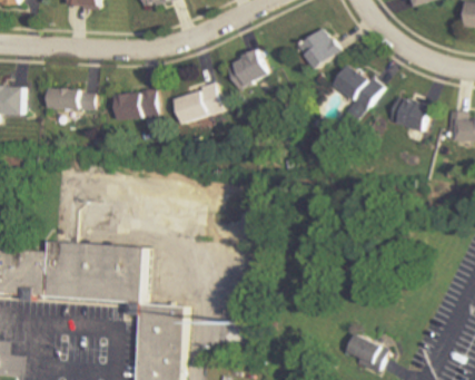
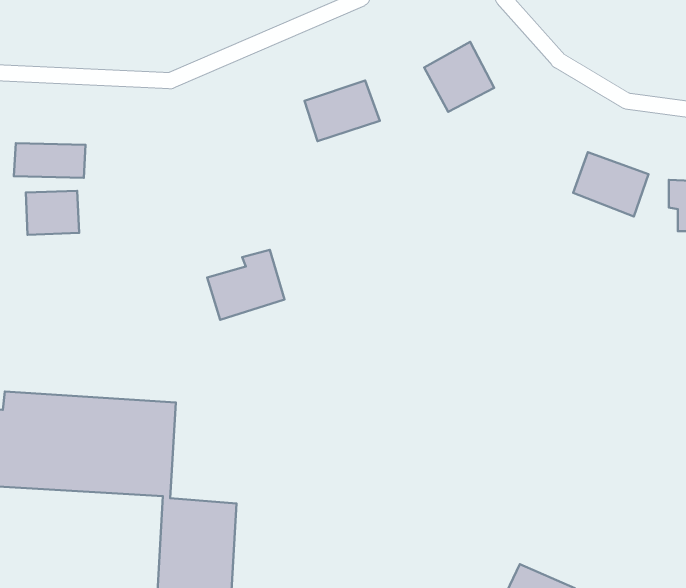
building: [333,62,383,121] -> none
building: [176,81,222,124] -> [207,250,285,320]
building: [112,92,145,119] -> [26,191,79,235]

